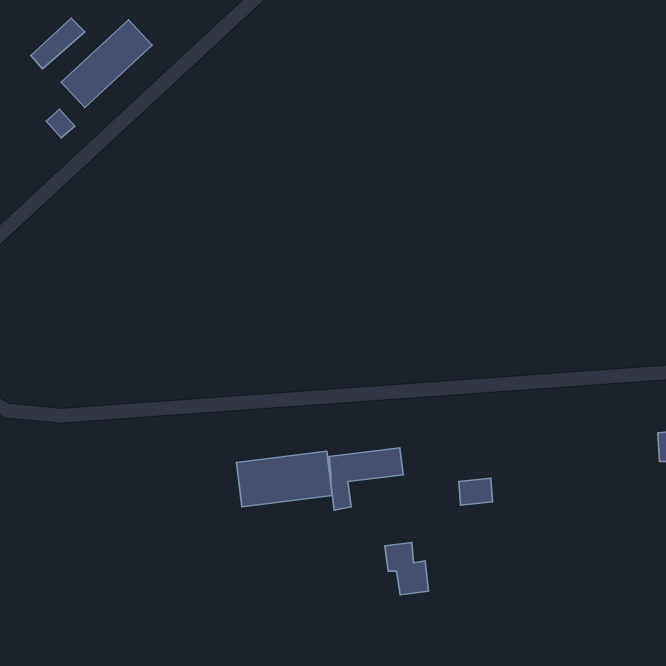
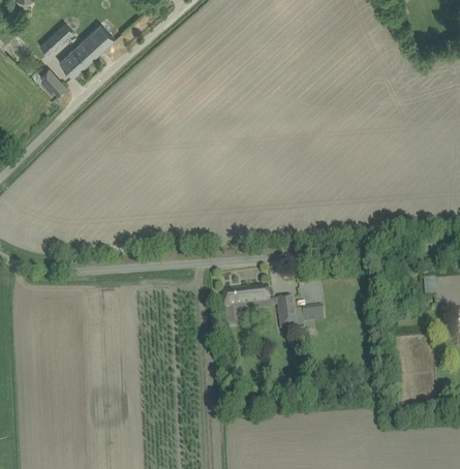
building: [236,451,332,507] -> none
building: [385,542,429,595] -> [276,298,303,330]

